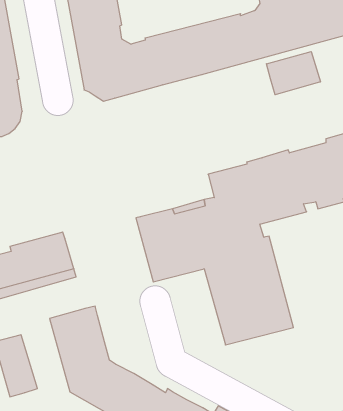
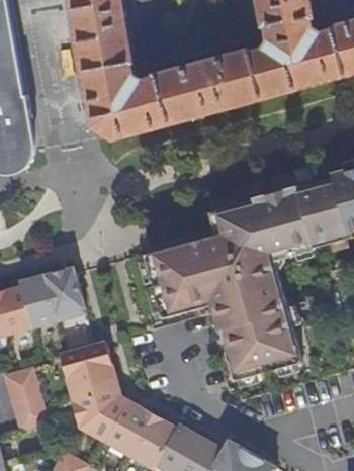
building: [266,52,320,95] -> none

